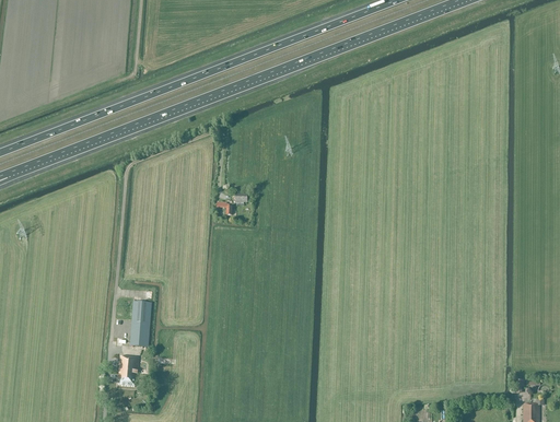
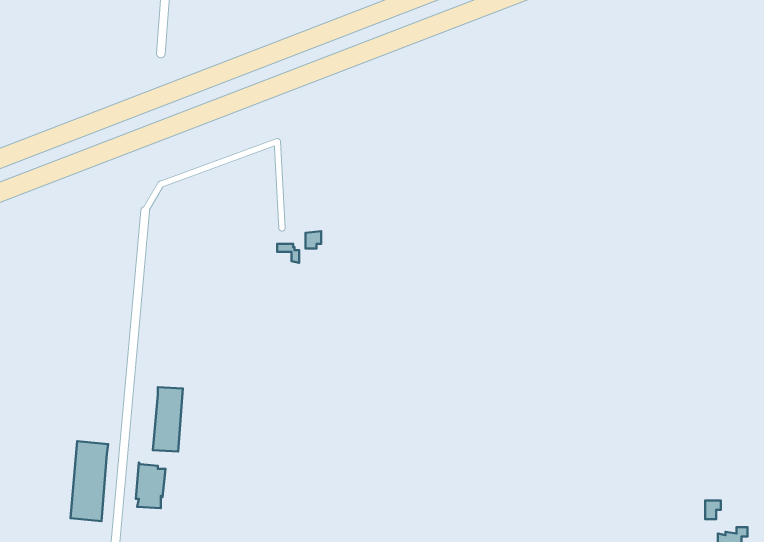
building: none -> [71,441,108,521]

